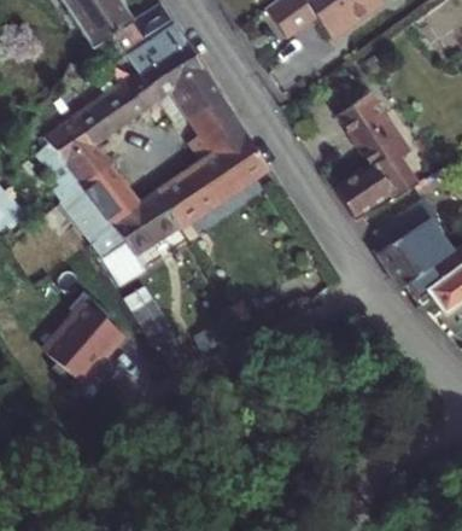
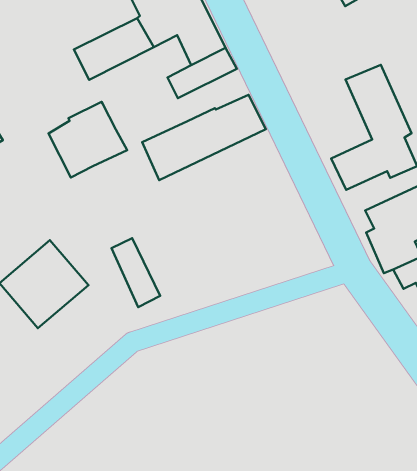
building: [183,113,250,169] -> none
building: [43,116,112,198] -> none
building: [92,194,176,282] -> none

